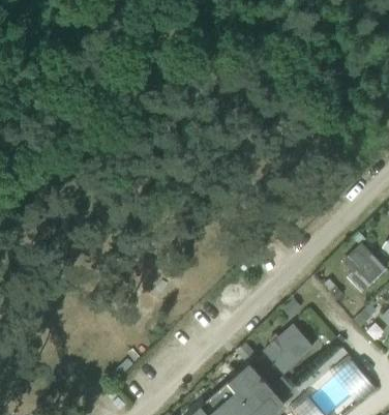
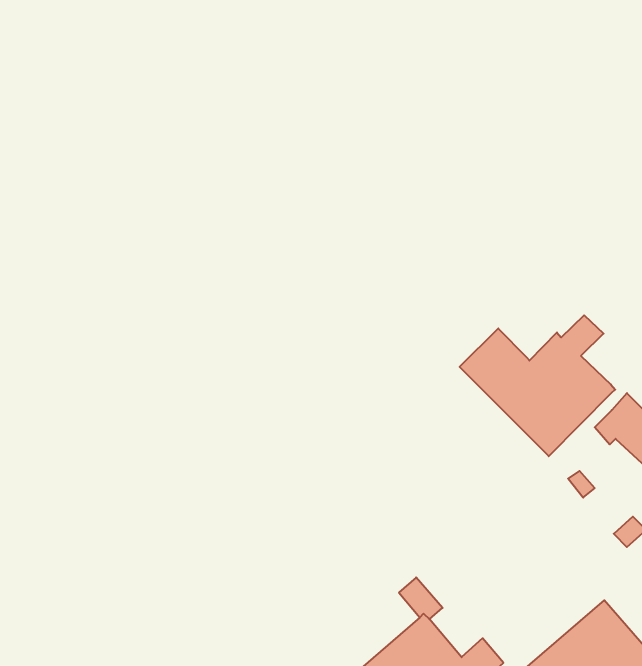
building: none -> [460,315,615,456]
building: [263,323,315,375] -> none

